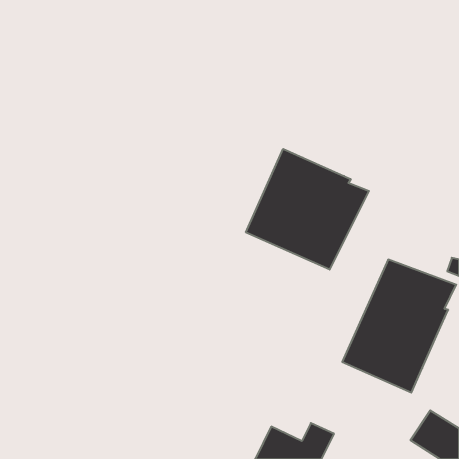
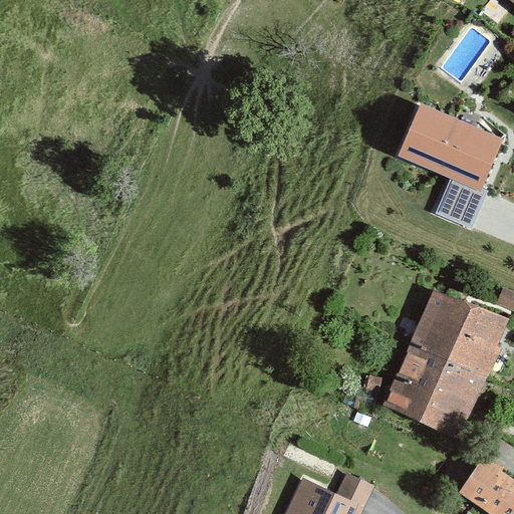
building: none -> [397,101,503,228]
building: [246,149,369,270] -> none

